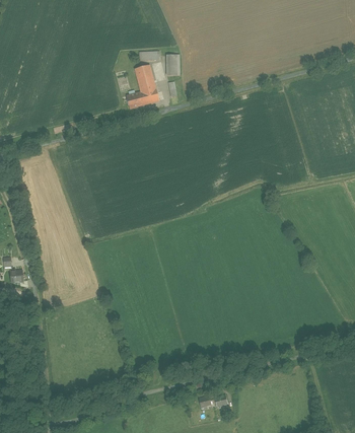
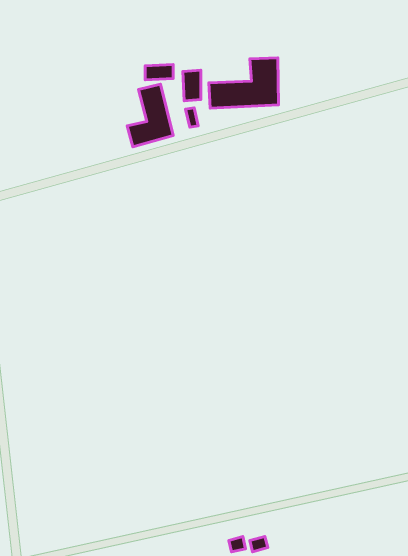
building: none -> [209,58,279,108]

